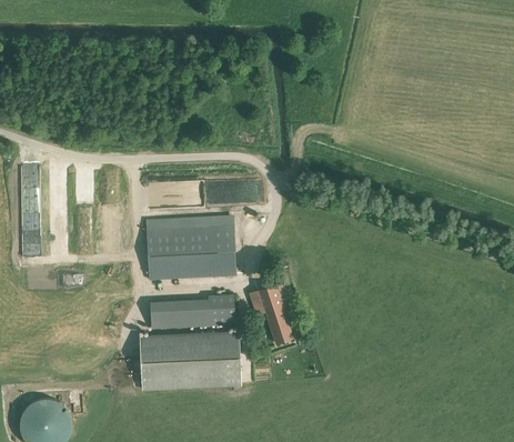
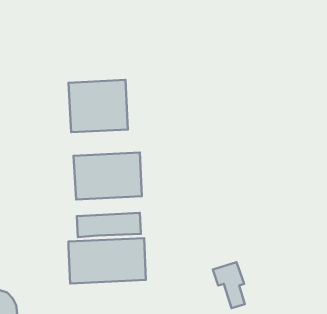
building: none -> [68,80,128,132]
building: [251,282,293,343] -> [213,262,245,308]

